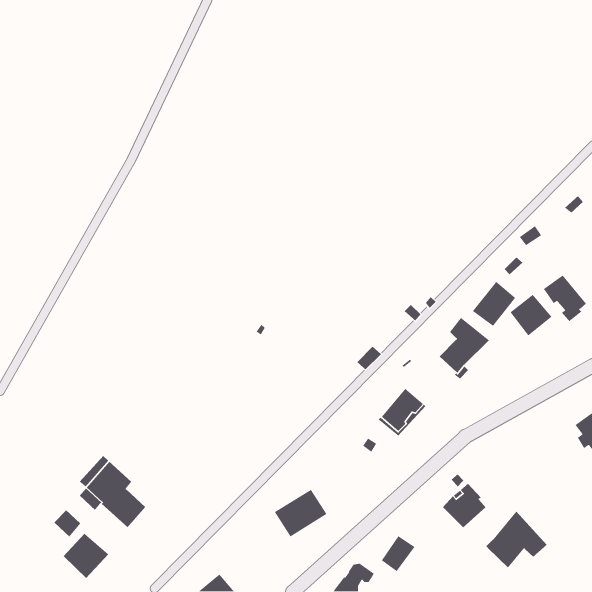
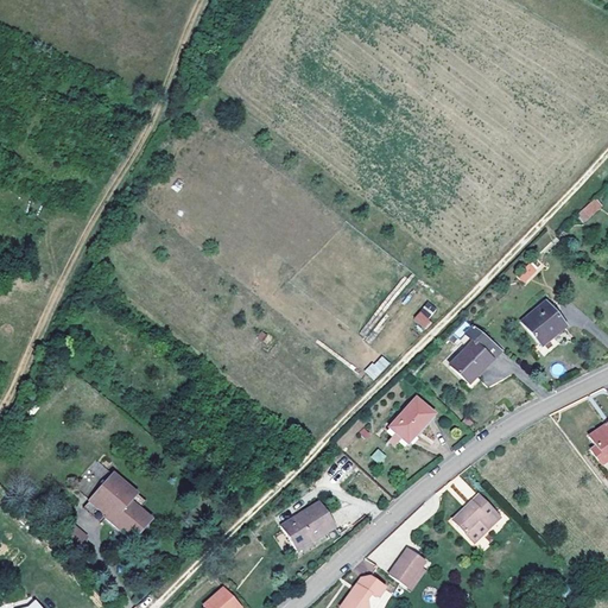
building: [543,275,587,322] -> none
building: [472,281,516,327] -> none
building: [485,511,548,568] -> none
building: [63,533,109,579] -> none

